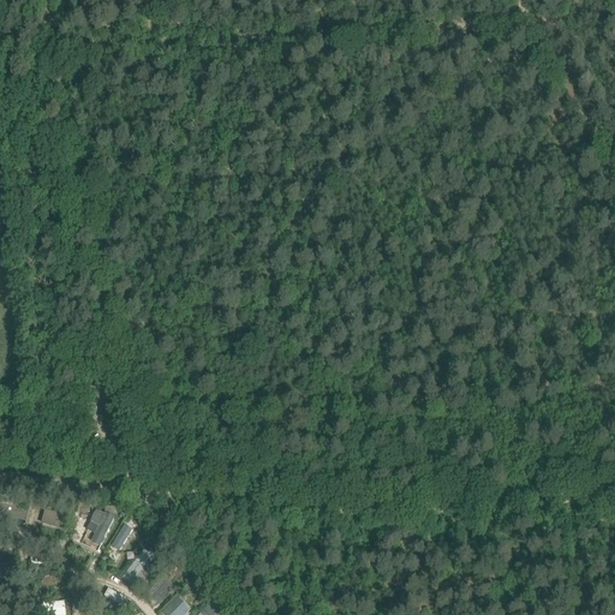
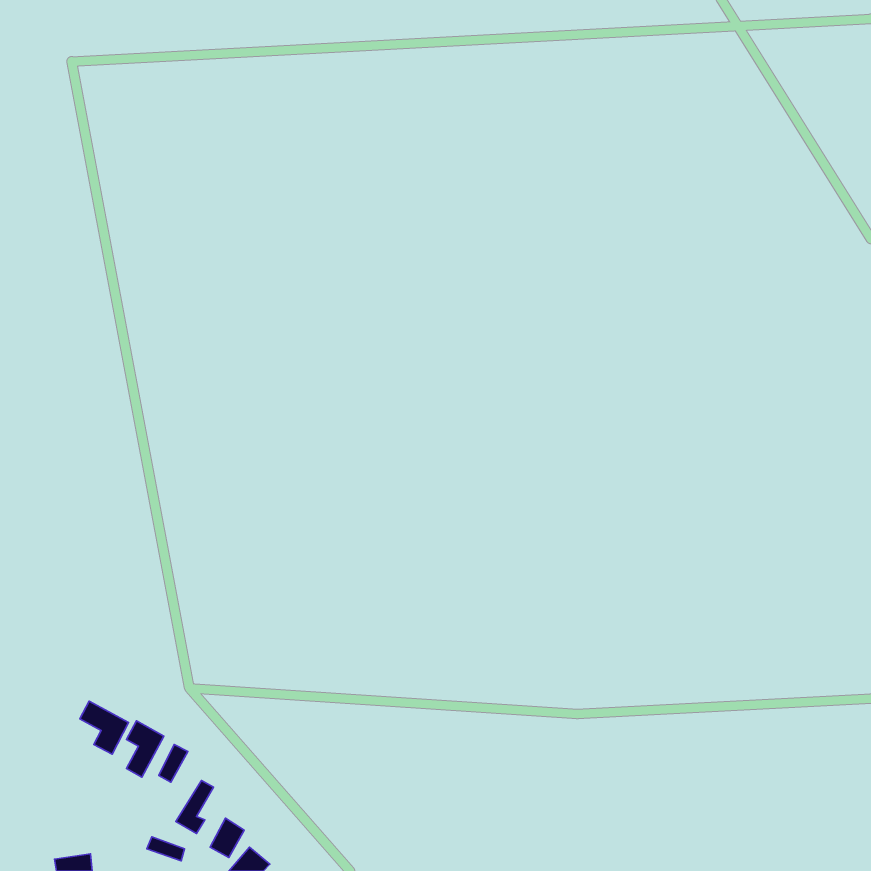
building: none -> [80,701,129,754]

